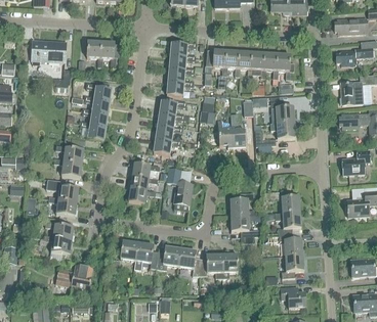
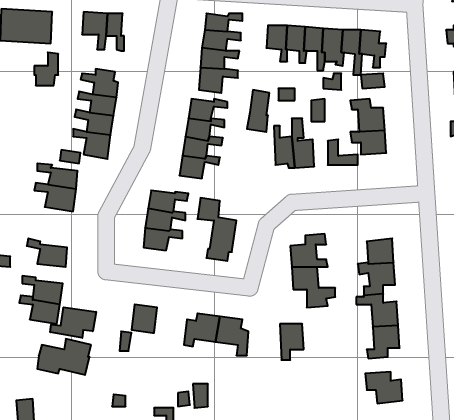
building: [46,179,78,201] -> none
building: none -> [50,307,96,338]
building: [133,242,158,269] -> none
building: [199,254,222,278] -> none

